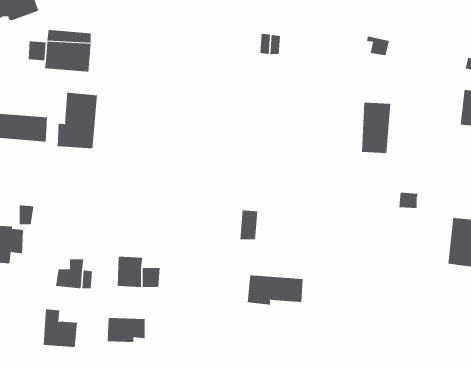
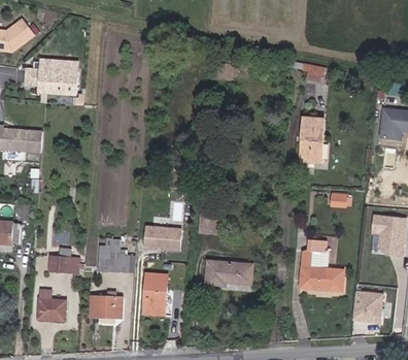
building: [57,92,97,149] -> none
building: none -> [144,226,180,250]
building: none -> [300,240,343,290]
building: none -> [142,273,167,315]
building: none -> [351,290,382,322]

